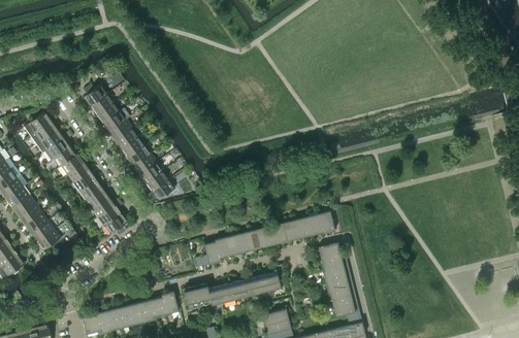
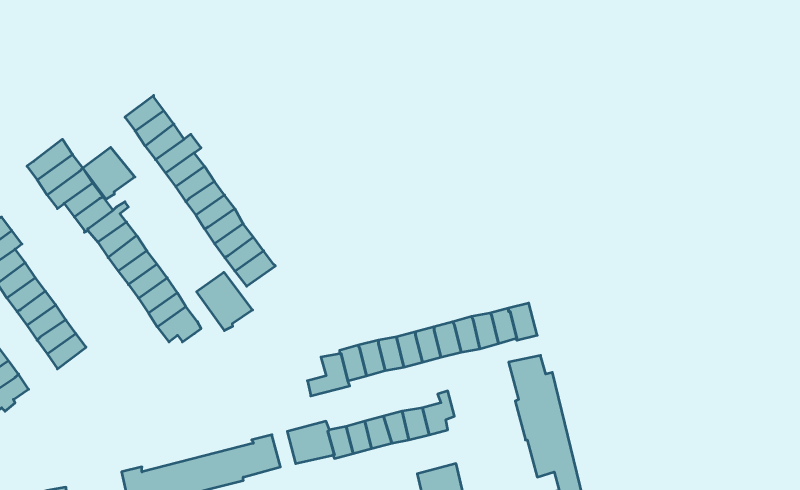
building: none -> [83,147,135,199]
building: none -> [197,272,253,331]

